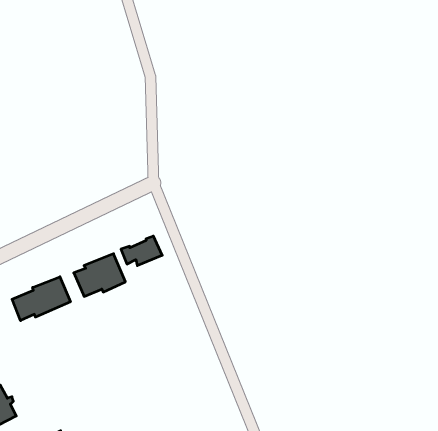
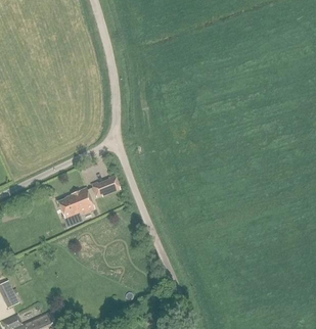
building: [12,277,70,321] -> none

